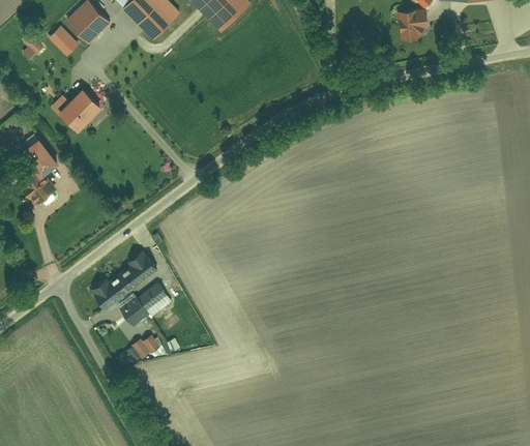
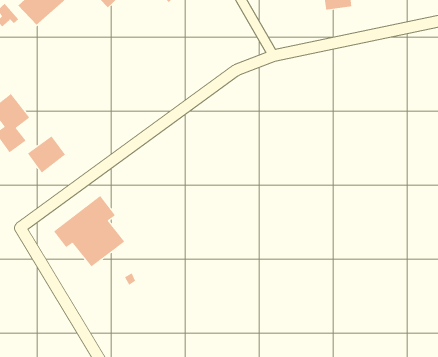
building: [59,87,102,130] -> none
building: none -> [27,135,66,173]
building: [129,334,161,362] -> none

